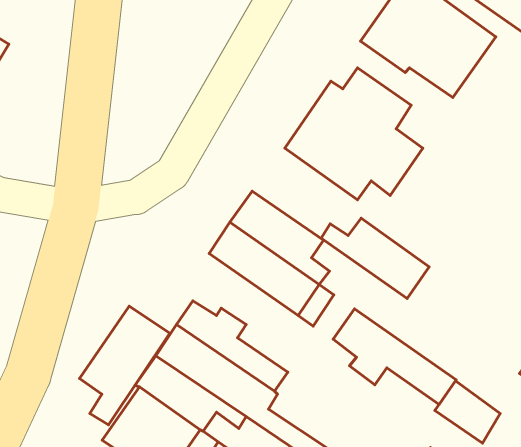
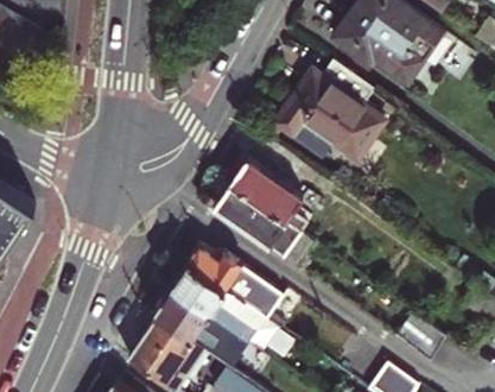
building: [321,218,429,299] -> none
building: [79,306,170,425] -> none
building: [333,309,456,405] -> none

